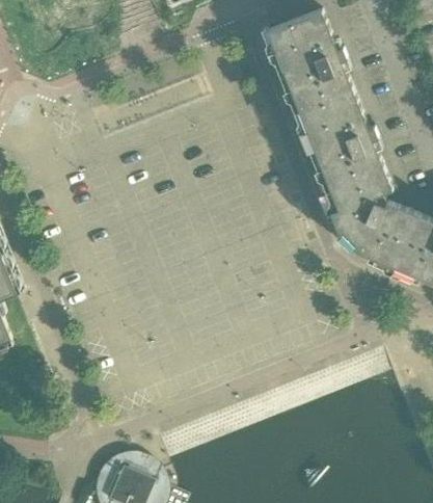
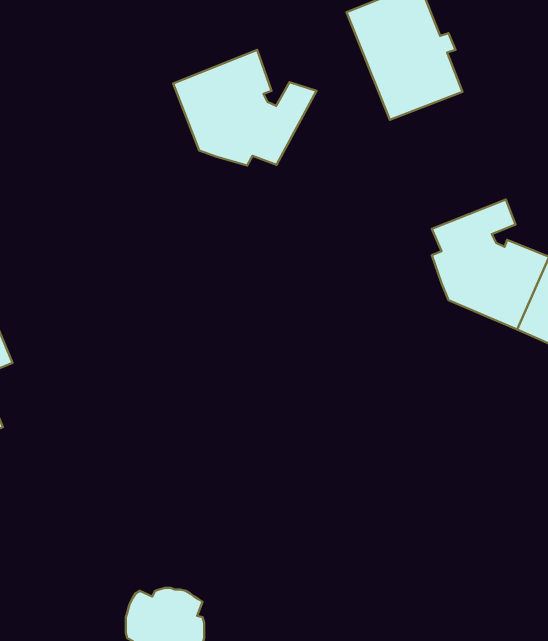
building: none -> [173,50,316,166]
building: [297,91,383,193] -> none

